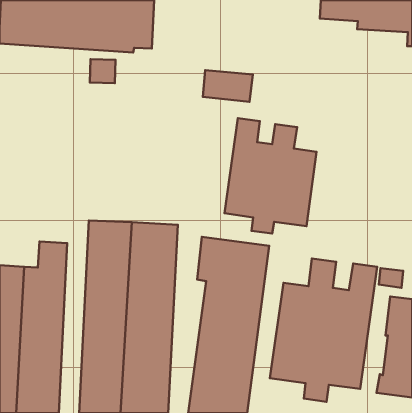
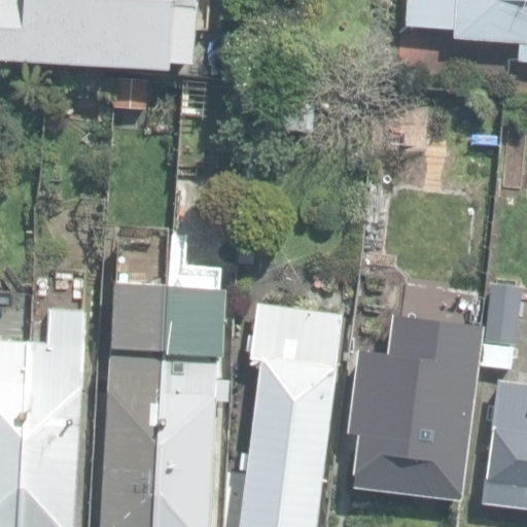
building: [225,118,317,234] -> none

